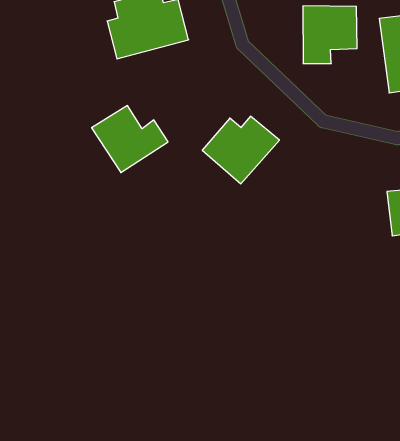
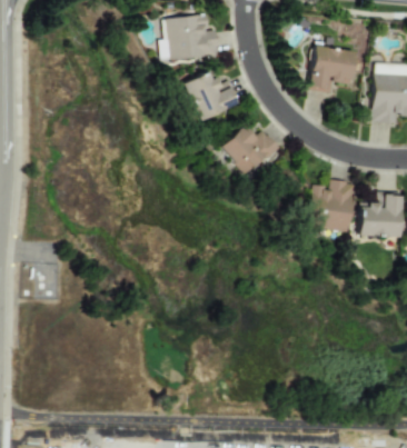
building: [92,106,168,173] -> [182,70,241,122]
building: none -> [308,179,357,232]

